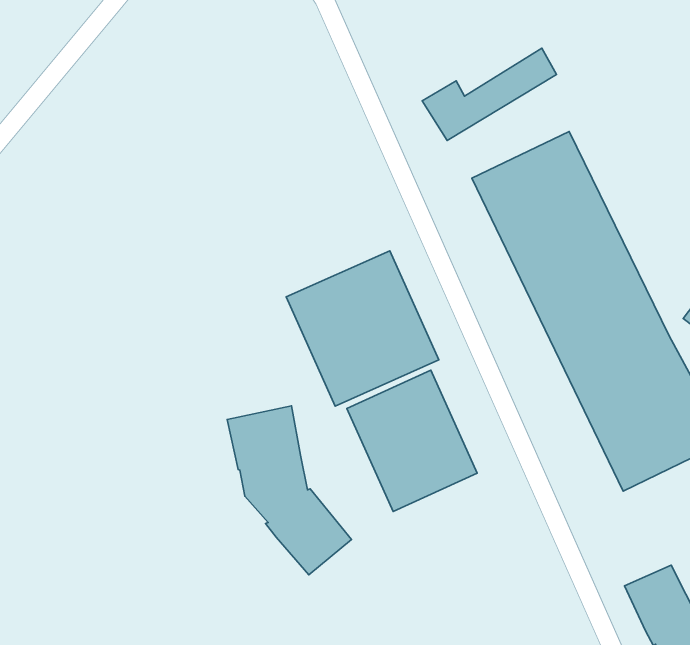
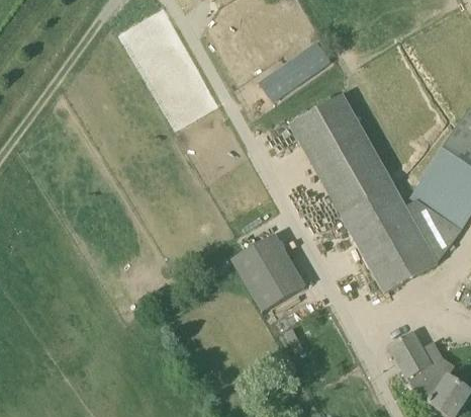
building: [286,251,439,406] -> none
building: [227,406,352,575] -> none

